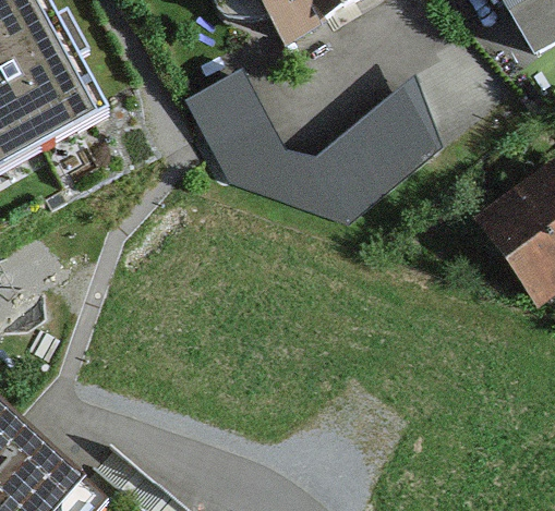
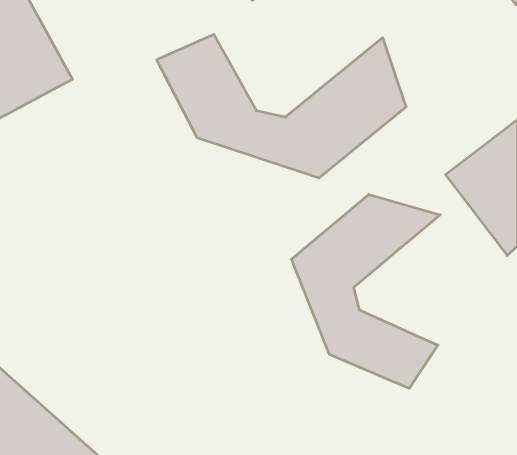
building: none -> [291,194,440,388]

